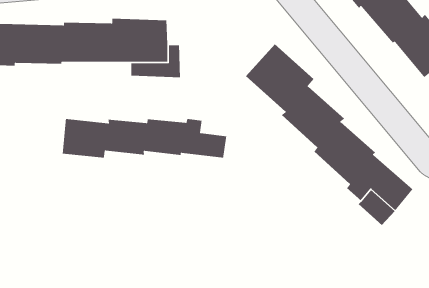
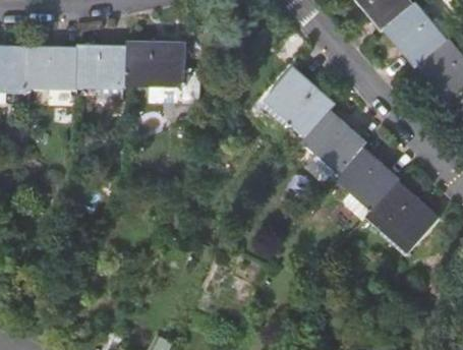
building: [62,118,227,159] -> none

